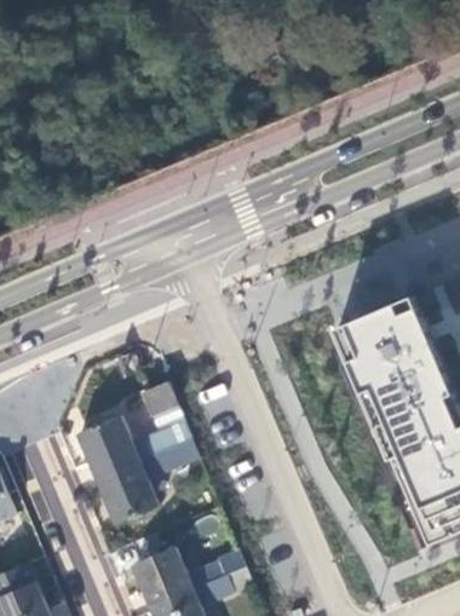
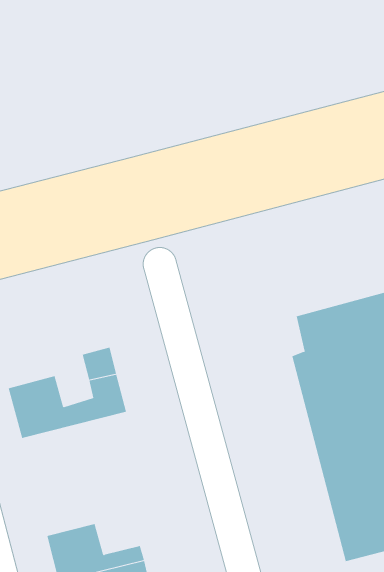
building: [98,439,200,523] -> none

